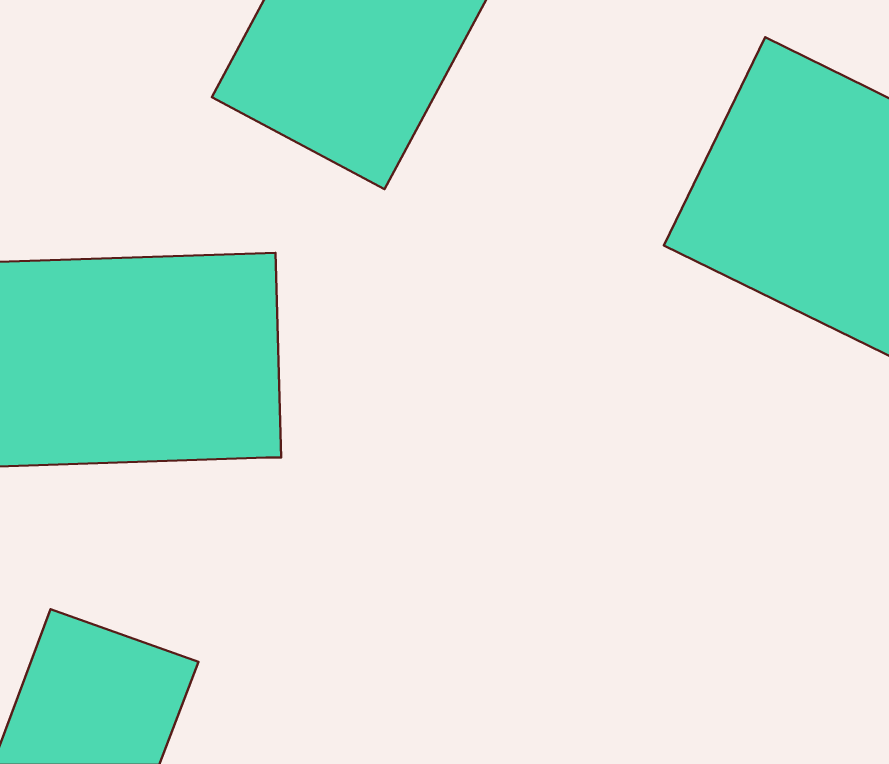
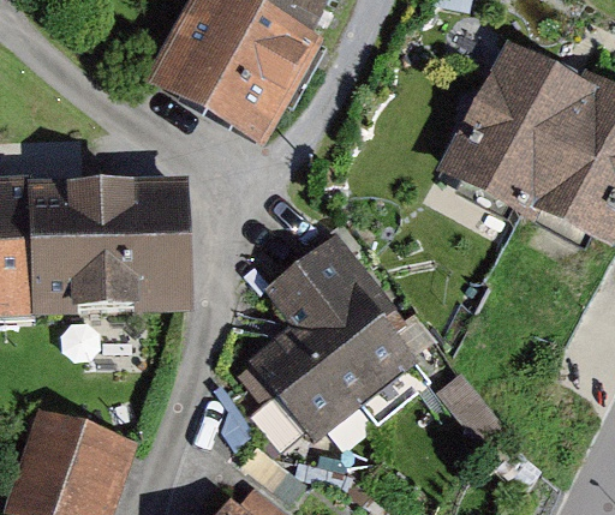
building: none -> [252,216,414,441]

